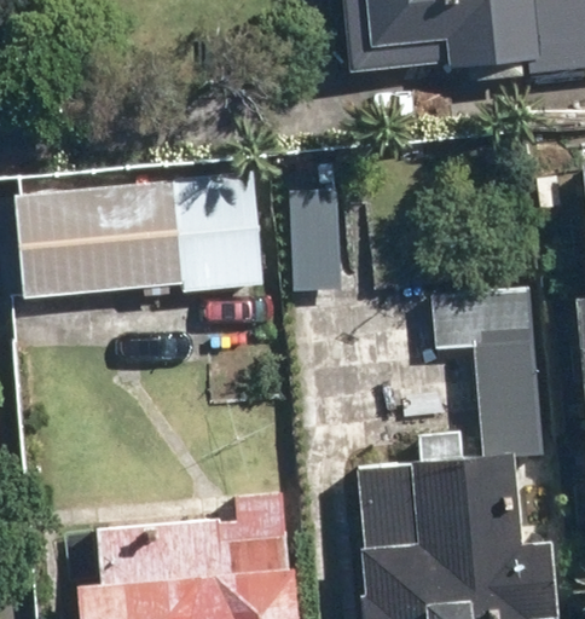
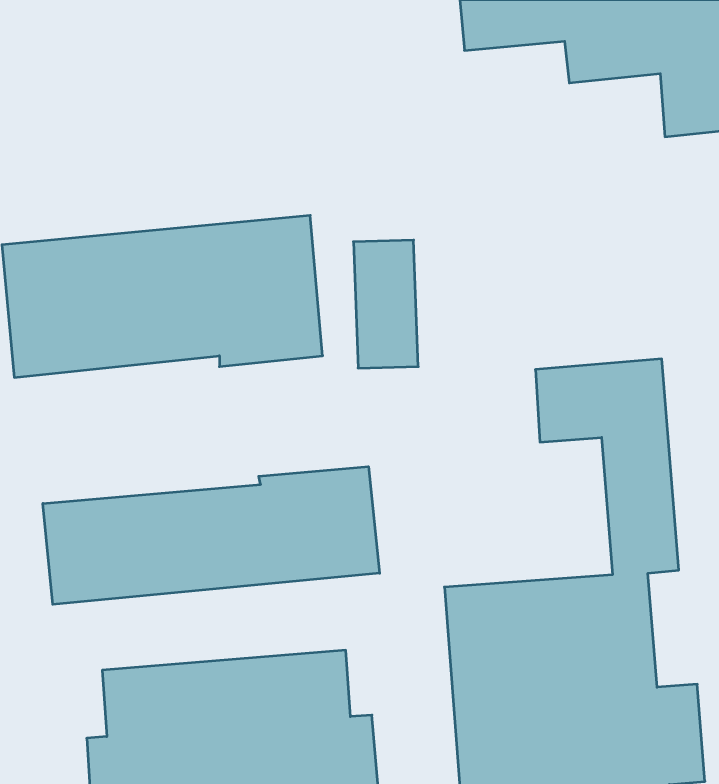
building: none -> [43,467,380,604]

